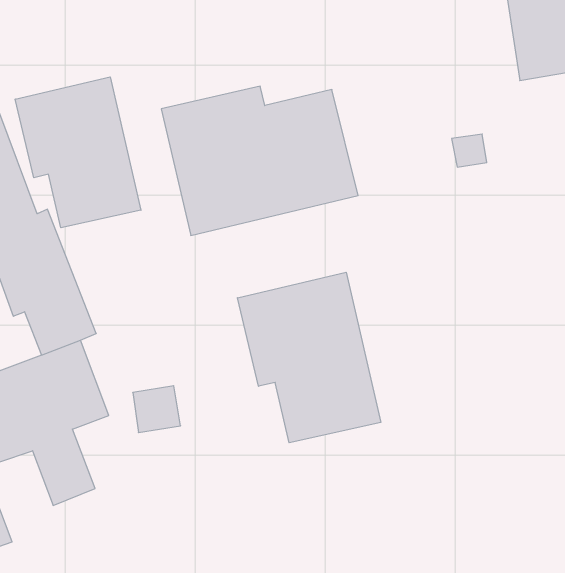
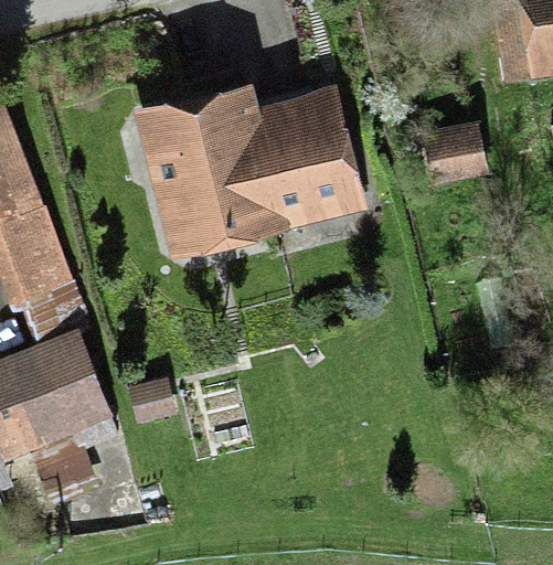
building: [15,77,141,228] -> none
building: [237,272,381,443] -> none

